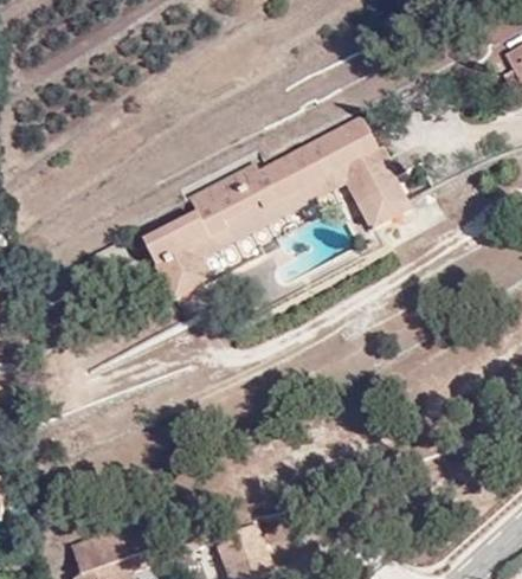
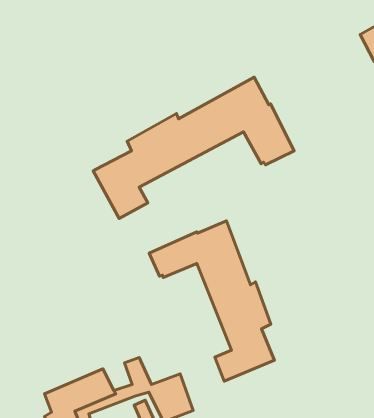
building: none -> [149,221,274,381]

